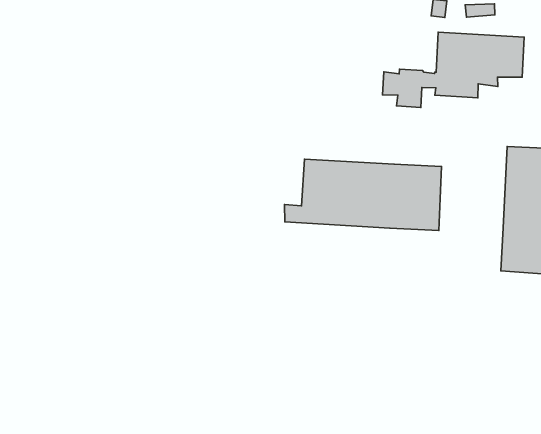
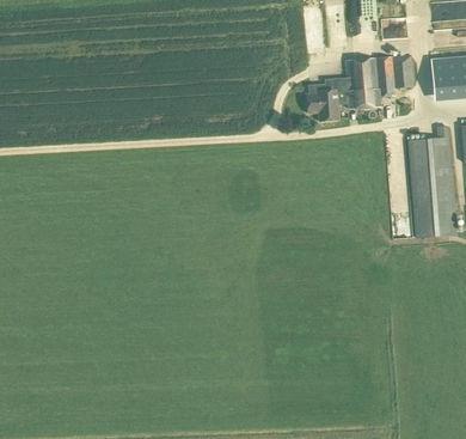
building: [285,159,442,231] -> none

